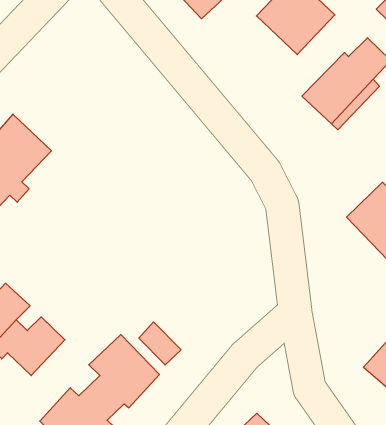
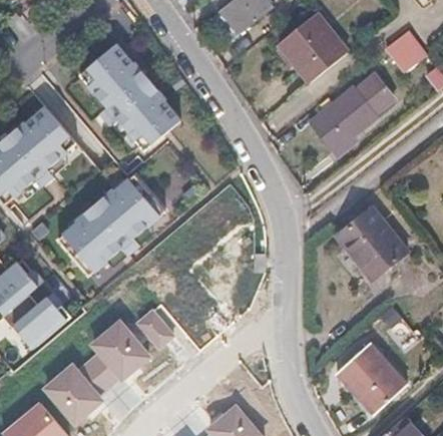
building: none -> [79,44,180,151]
building: none -> [57,173,164,275]

